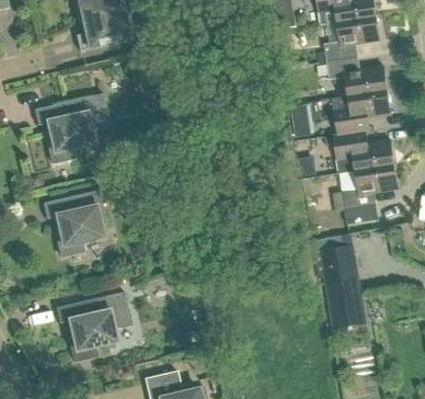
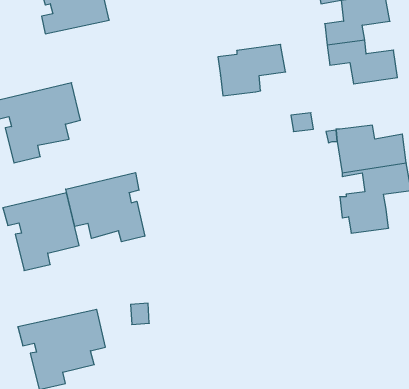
building: [332,88,391,133] -> [218,44,286,96]
building: none -> [66,173,145,242]
building: [321,243,368,328] -> none

